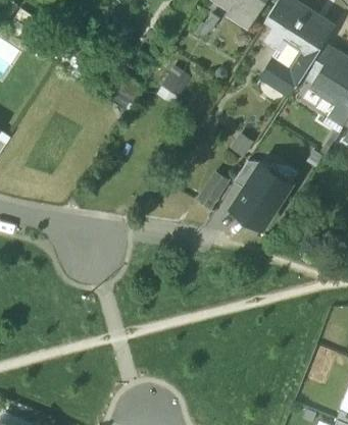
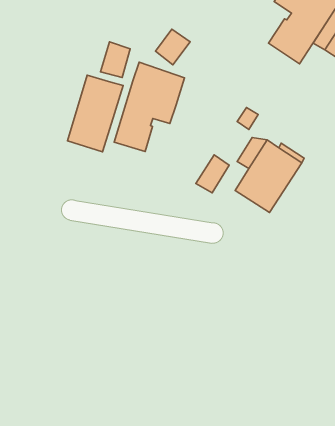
building: none -> [114,62,184,151]
building: none -> [67,75,123,152]

